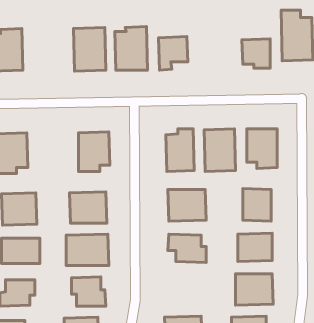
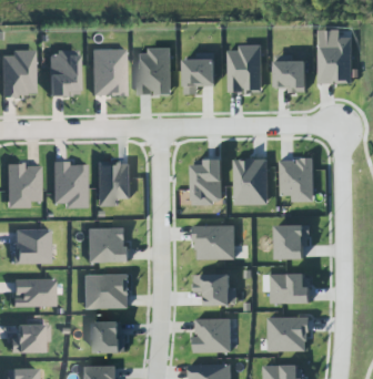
building: none -> [228,44,263,92]
building: none -> [48,51,79,95]
building: none -> [52,162,87,207]
building: none -> [195,318,232,352]

